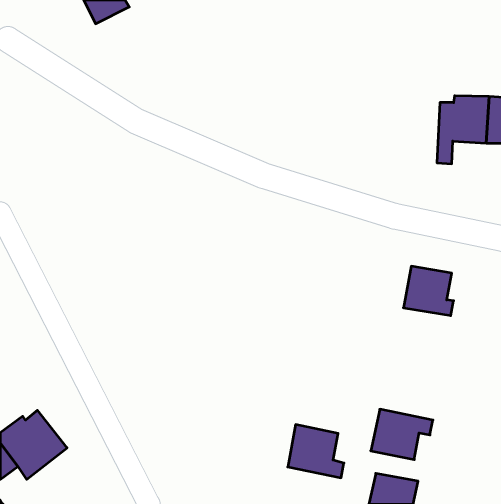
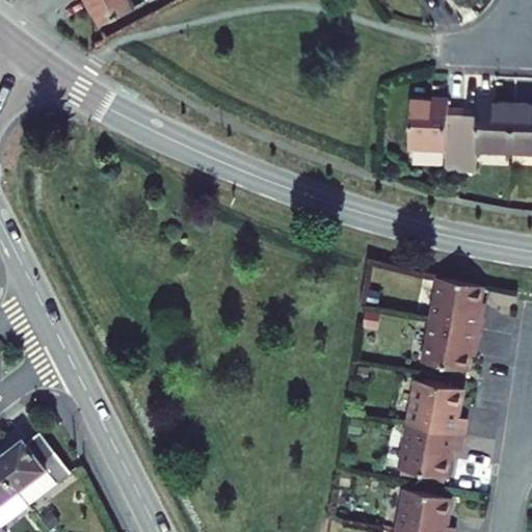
building: none -> [414,98,467,171]
building: none -> [420,324,478,375]
building: [288,425,344,478] -> [403,387,462,443]

